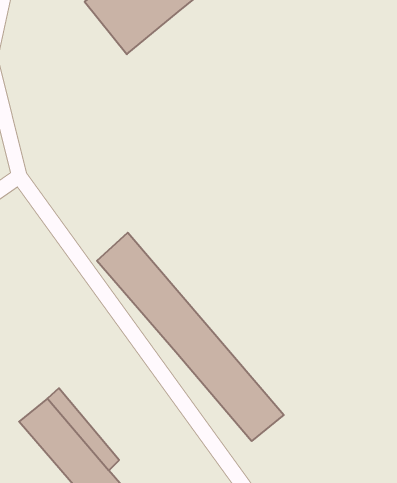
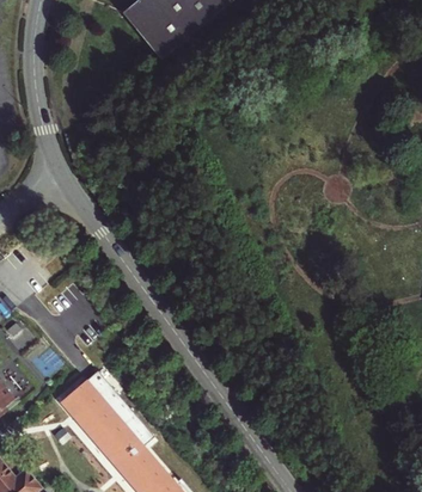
building: [97,233,284,441] -> none

